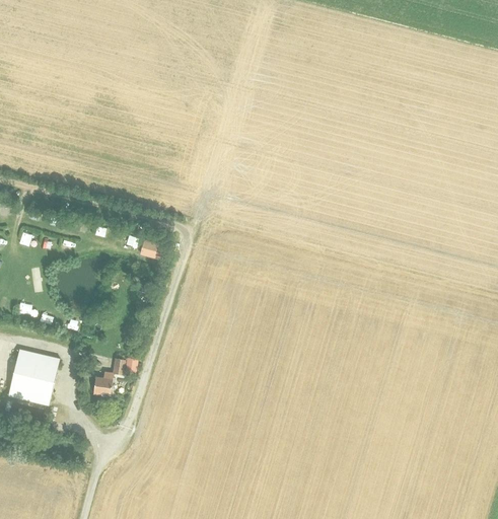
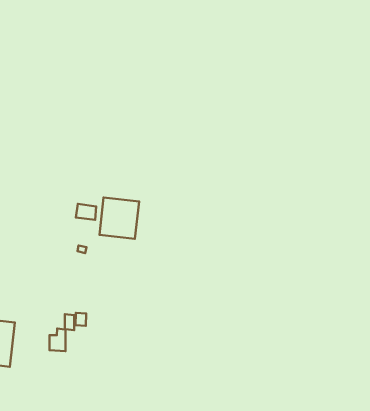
building: none -> [100,197,139,239]

